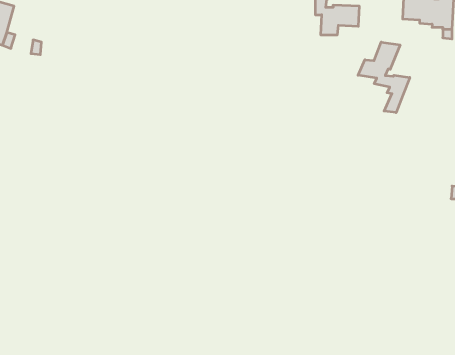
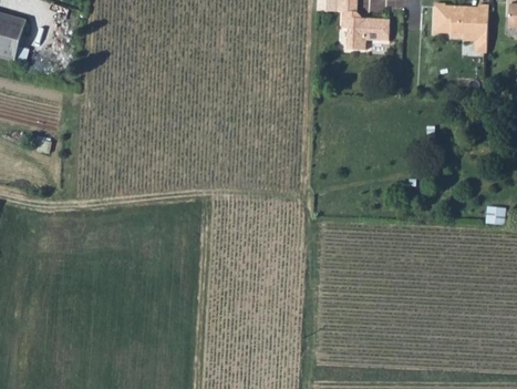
building: [358,42,410,113] -> none

